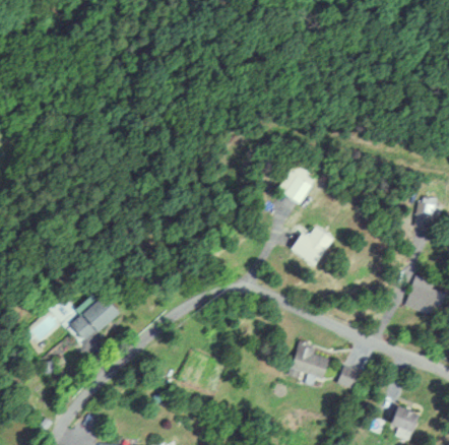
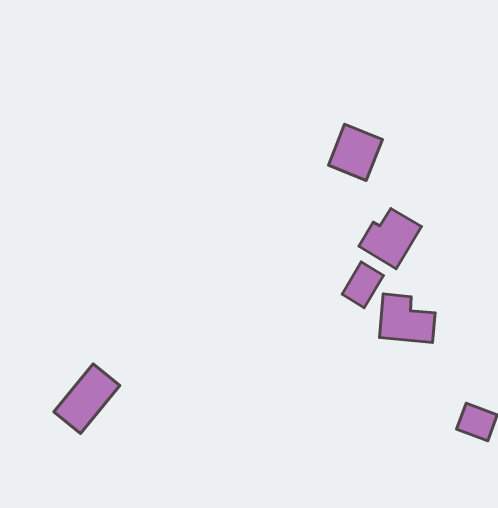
building: none -> [342,262,383,308]
building: [290,340,329,378] -> [380,294,435,342]

